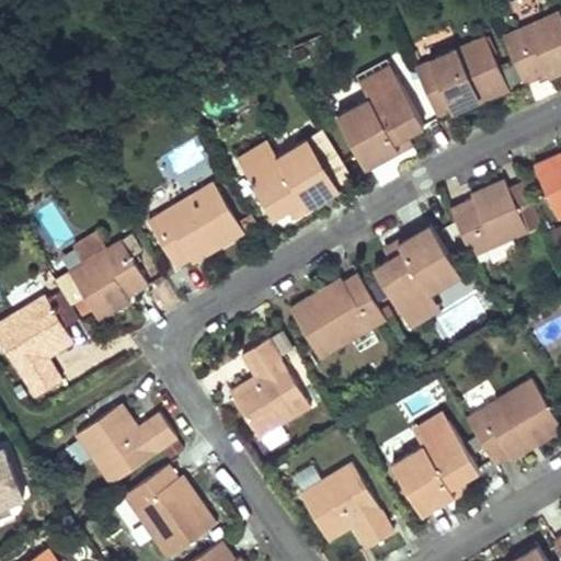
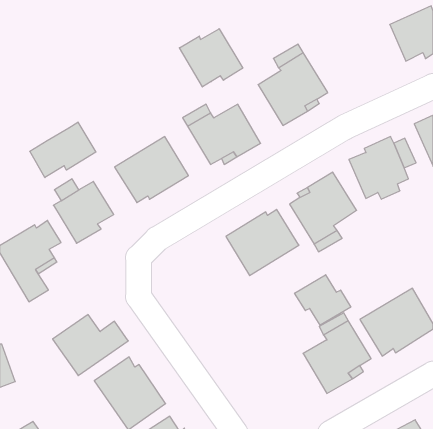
building: [413,35,510,116] -> none
building: none -> [179,29,243,87]
building: none -> [30,122,96,178]
building: [232,341,310,442] -> none
building: none -> [295,275,351,325]
building: [300,461,394,548] -> none

